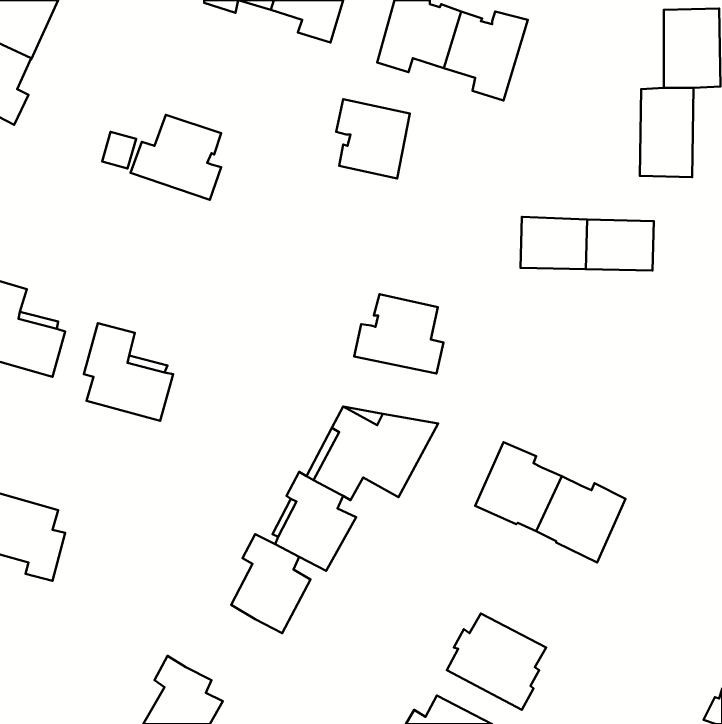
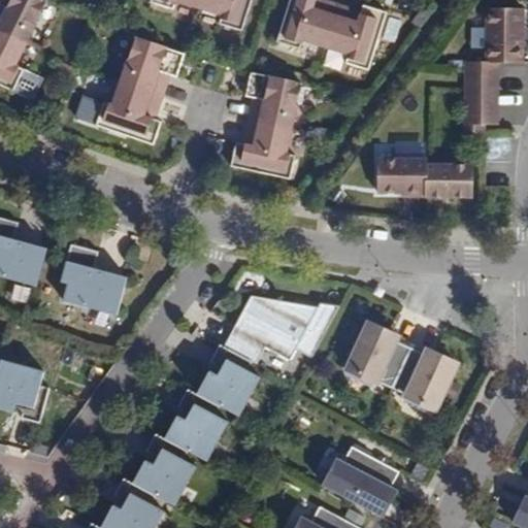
building: none -> [121,38,183,97]
building: [354,294,443,374] -> [228,121,293,178]
building: none -> [135,433,194,505]

